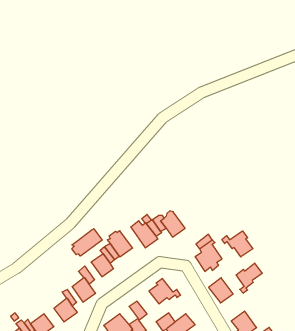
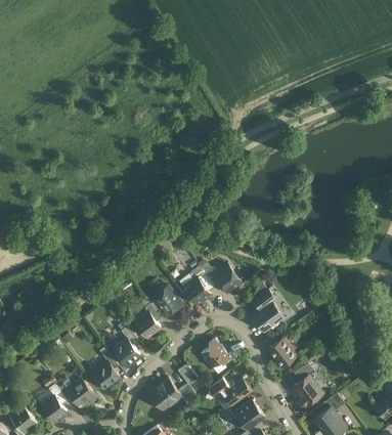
building: [72,229,102,256] -> none
building: [222,231,253,257] -> none
building: [236,263,262,293] -> none

